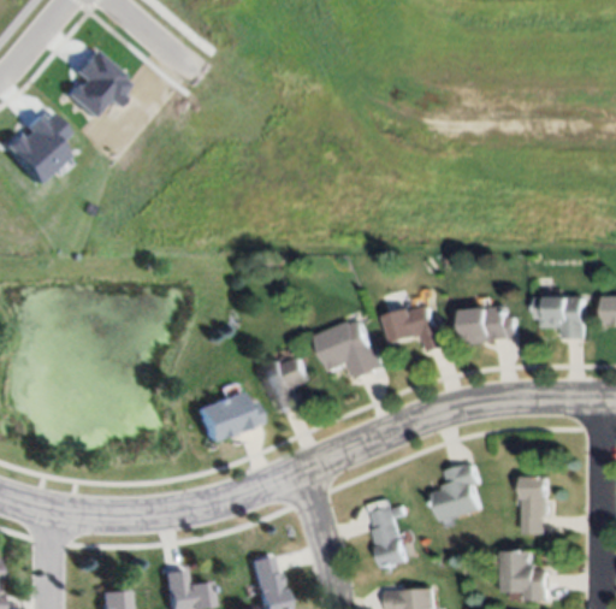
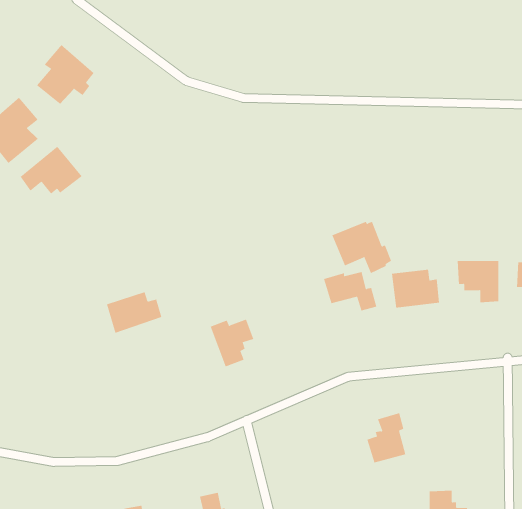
building: none -> [20,146,83,194]
building: [315,321,383,380] -> [332,221,392,274]
building: [197,394,260,441] -> [106,291,162,333]
building: [521,477,550,532] -> none
building: [372,505,404,564] -> none

